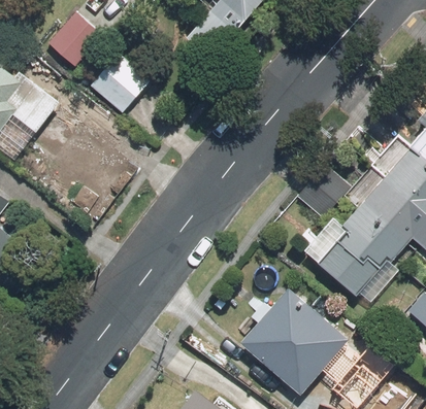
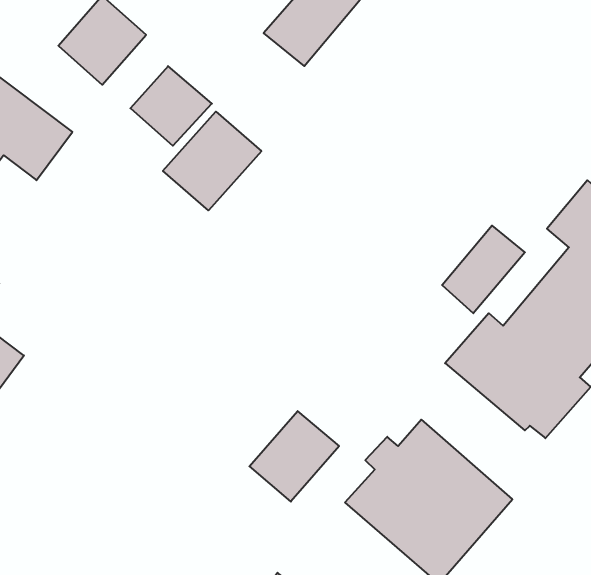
building: none -> [163,112,261,210]
building: none -> [249,411,339,502]

